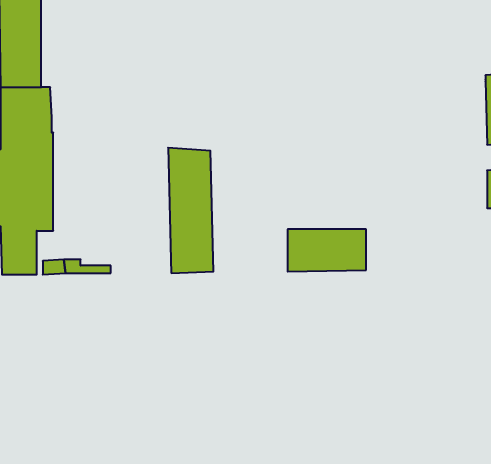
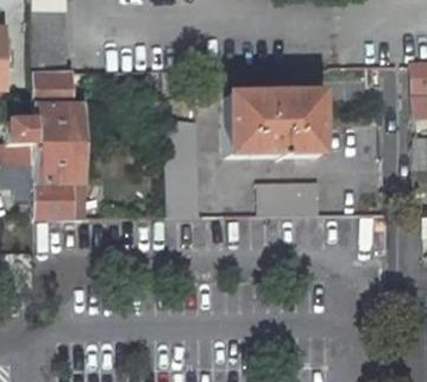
building: none -> [228,95,321,158]

